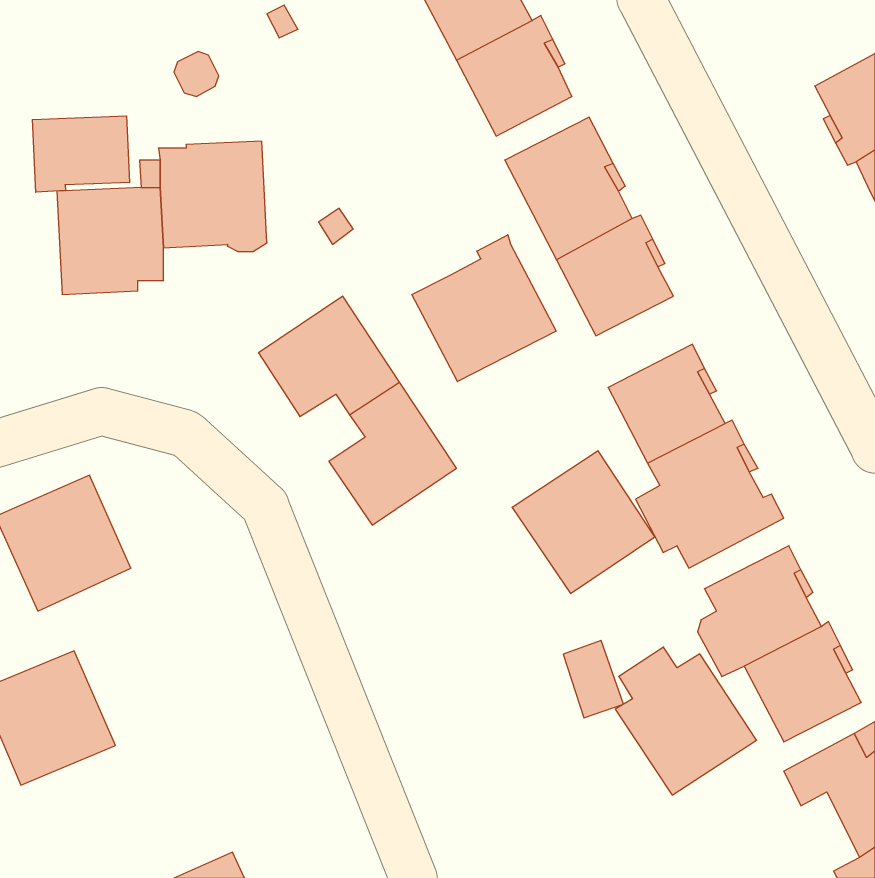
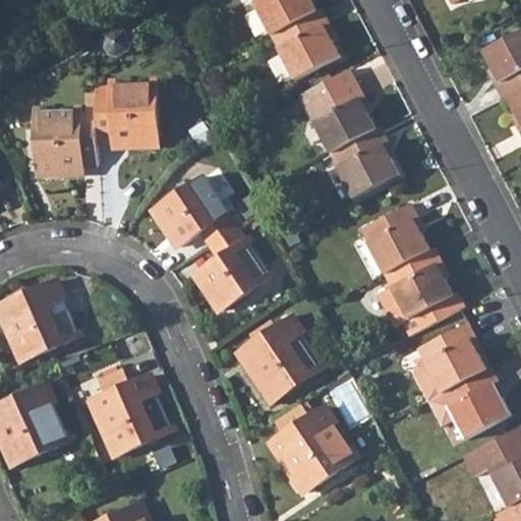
building: [32,116,130,192] -> none
building: [412,235,556,382] -> none
building: [512,451,655,594] -> [238,316,323,401]
building: none -> [91,368,170,456]
building: [615,647,757,795] -> [271,403,354,490]

